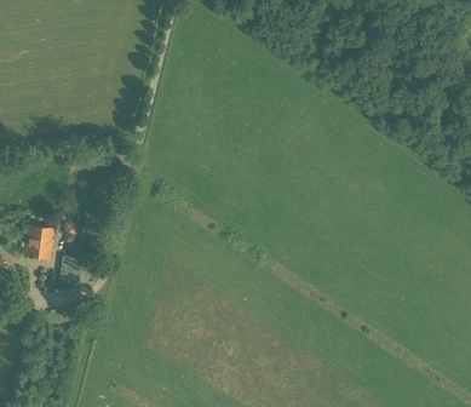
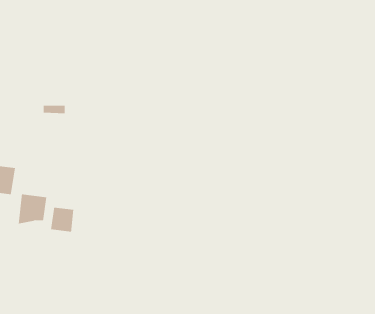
building: none -> [51,207,74,232]

